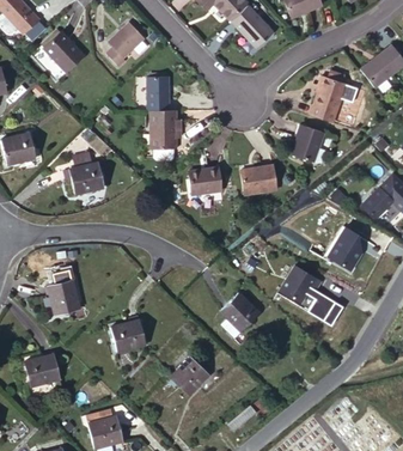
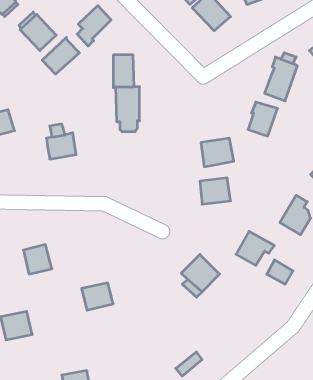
building: none -> [42,37,79,74]
building: [189,166,222,195] -> [200,178,231,204]
building: [170,360,209,400] -> none

